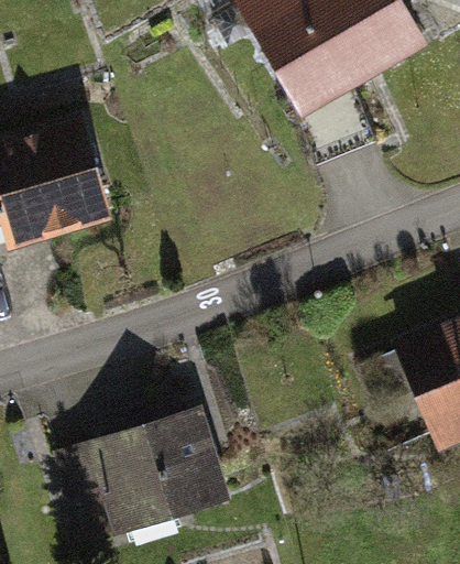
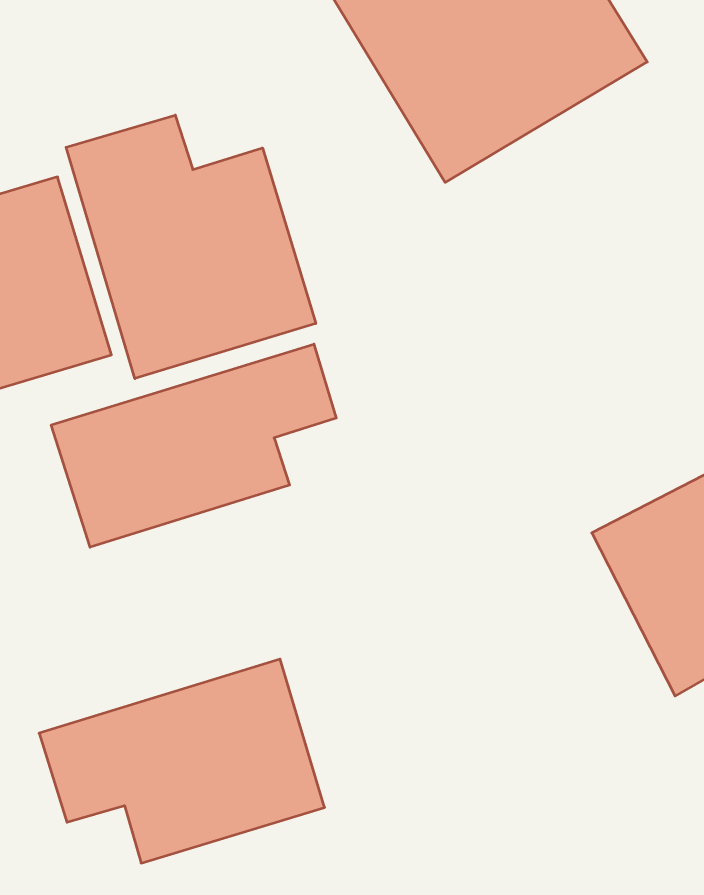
building: none -> [66,115,316,379]
building: none -> [51,344,336,547]

